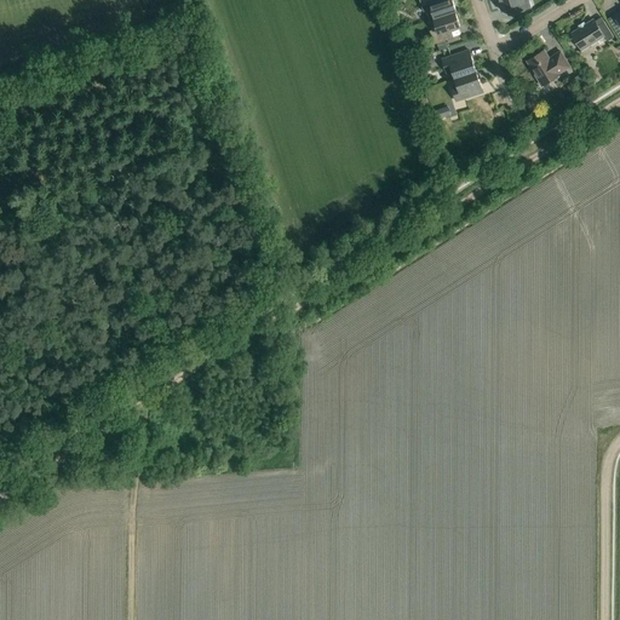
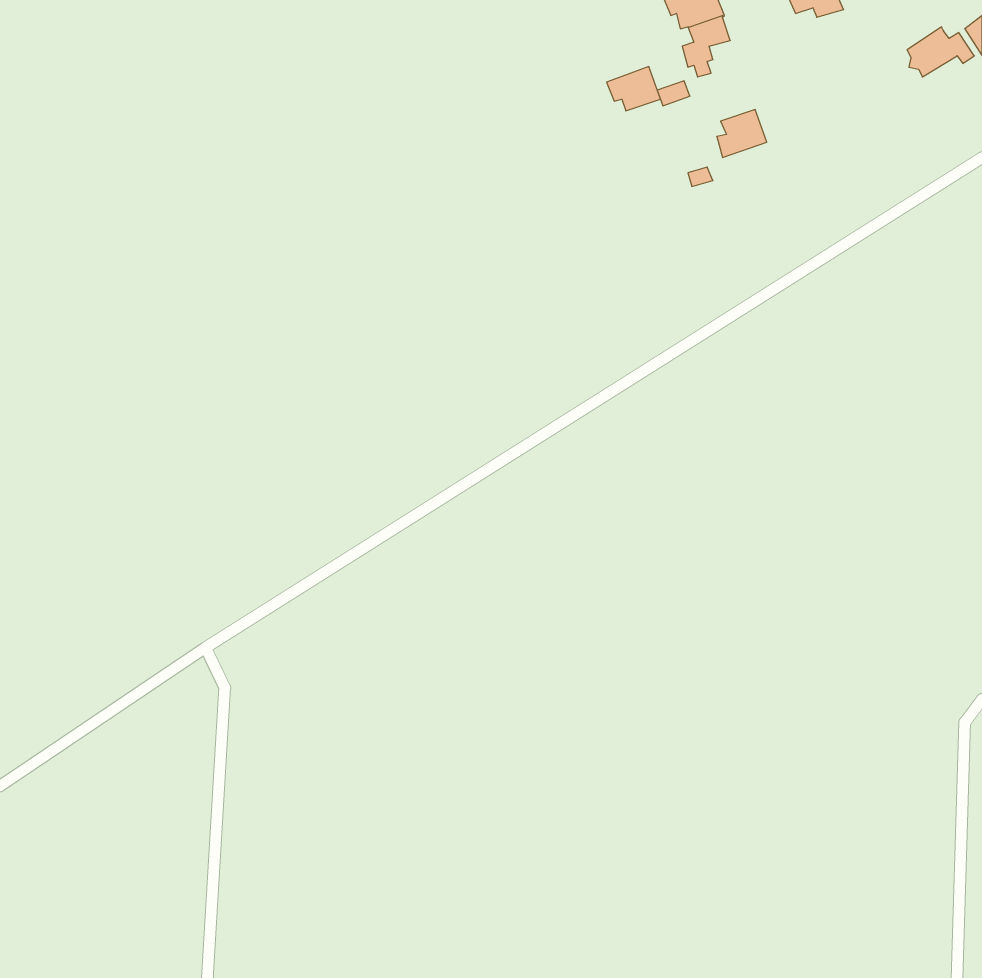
building: [442,48,476,76] -> [607,67,660,111]
building: [527,48,570,85] -> none

